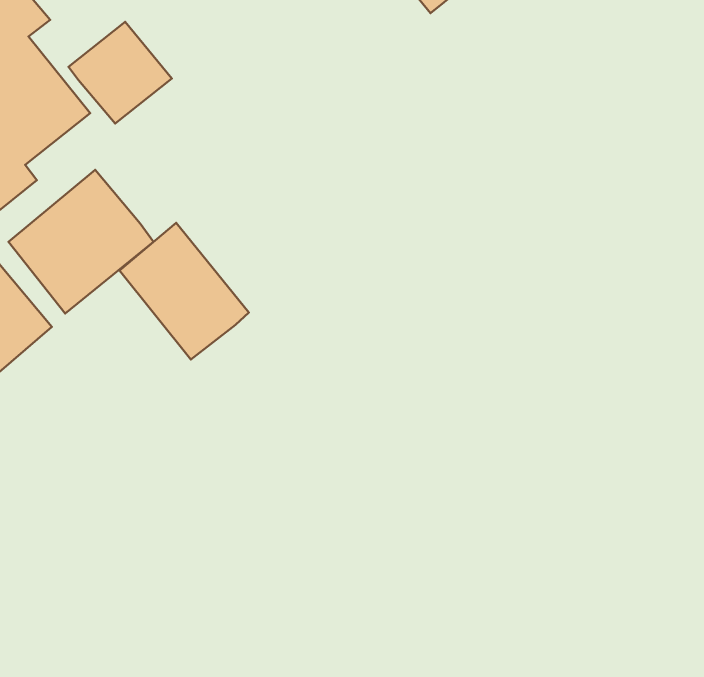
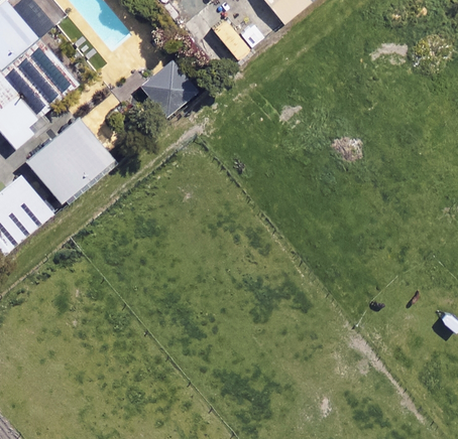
building: [69,22,172,124] -> [138,59,201,121]
building: [119,223,249,359] -> none

